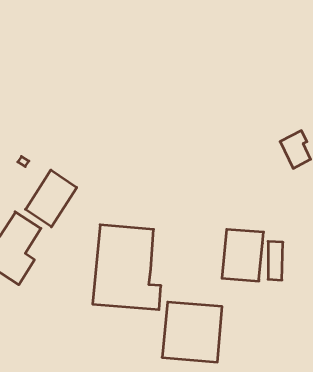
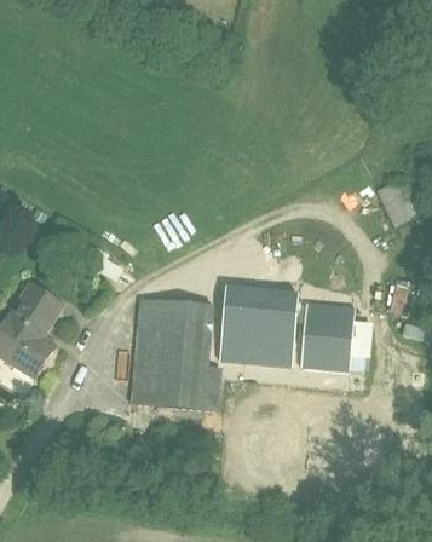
building: [25,170,77,227] -> none
building: [162,302,222,362] -> [219,288,298,367]

